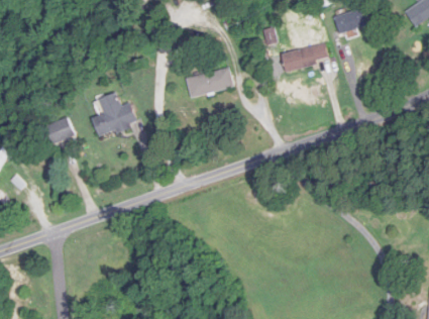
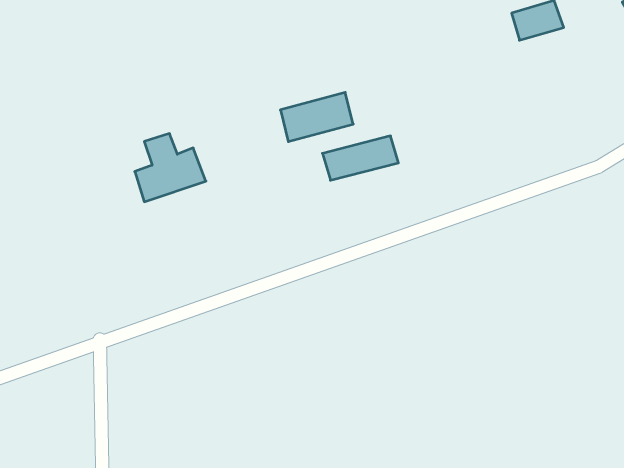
building: [281,42,329,71] -> [322,136,398,180]
building: [45,117,76,144] -> none

